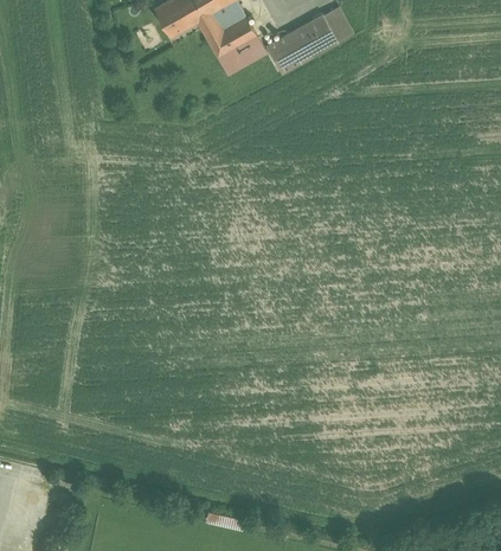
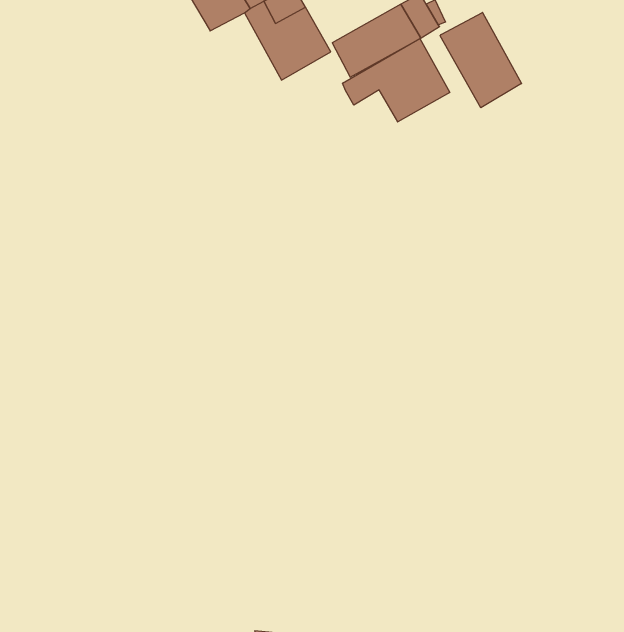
building: none -> [440,12,522,108]
building: none -> [343,39,450,122]

